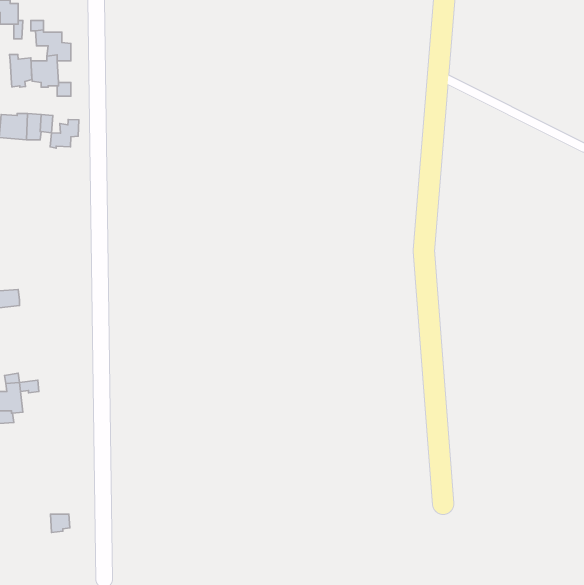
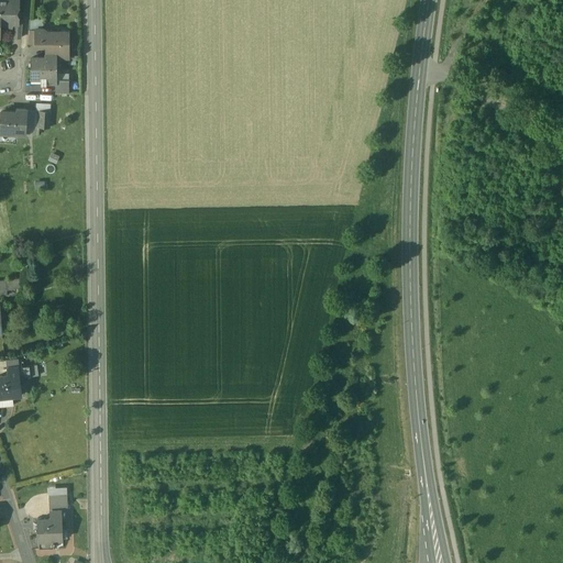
building: [9,54,32,87] -> none
building: [50,119,79,148] -> none
building: none -> [36,510,63,540]

